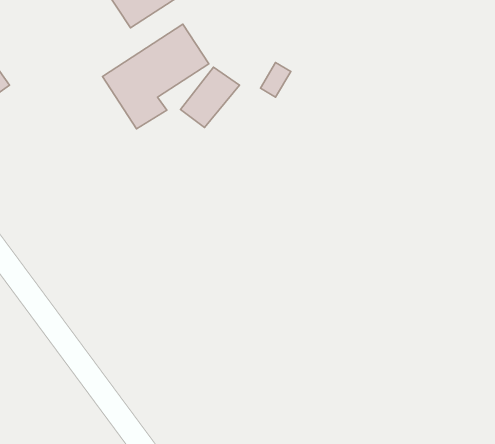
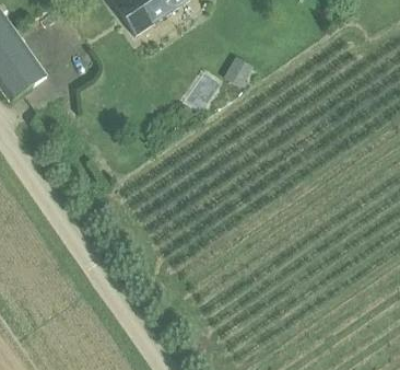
building: [103,24,209,129] -> none

